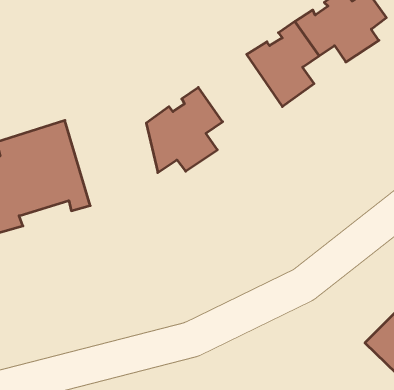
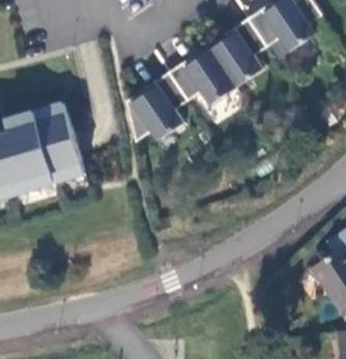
building: none -> [171,48,239,108]

